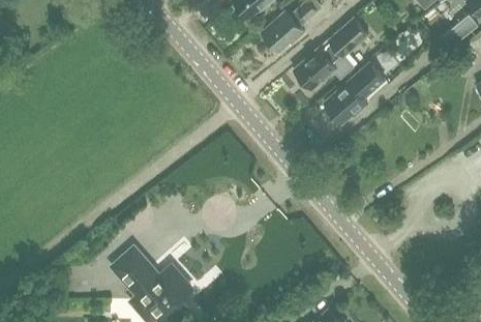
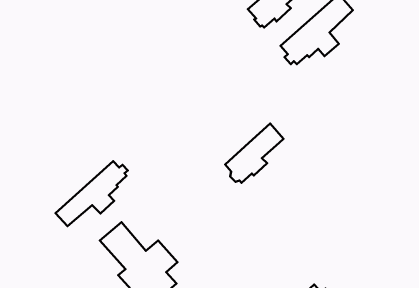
building: [325,62,384,122] -> [225,124,283,183]
building: none -> [55,161,128,226]

